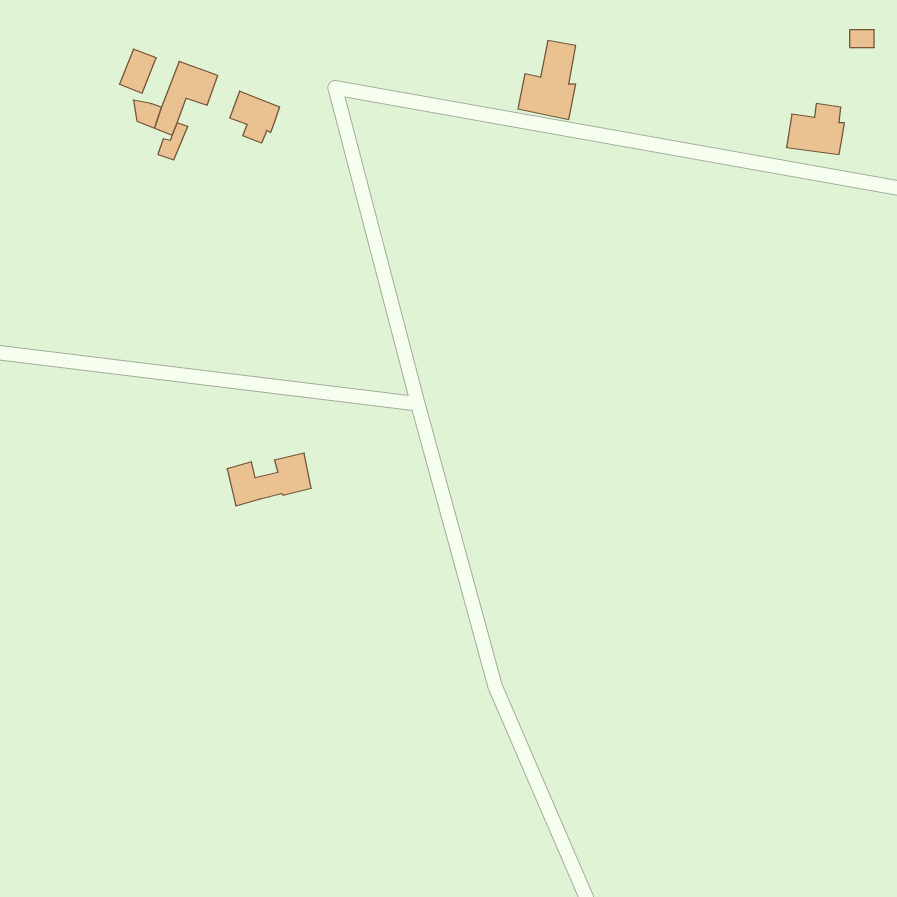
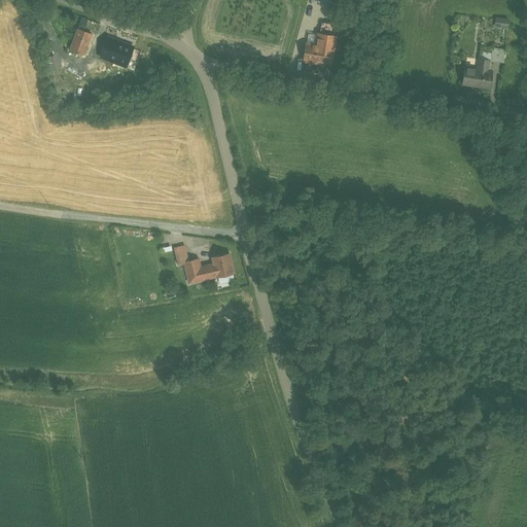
building: [230,91,280,143] -> none
building: [227,453,311,506] -> [184,252,234,283]

